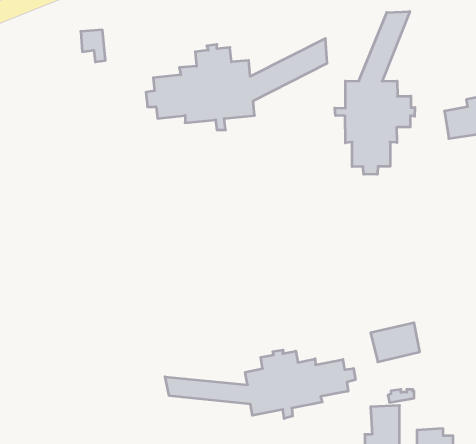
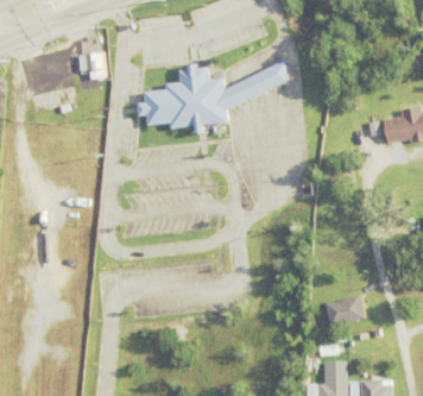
building: [335,11,415,174] -> none
building: [165,350,355,419] -> none

